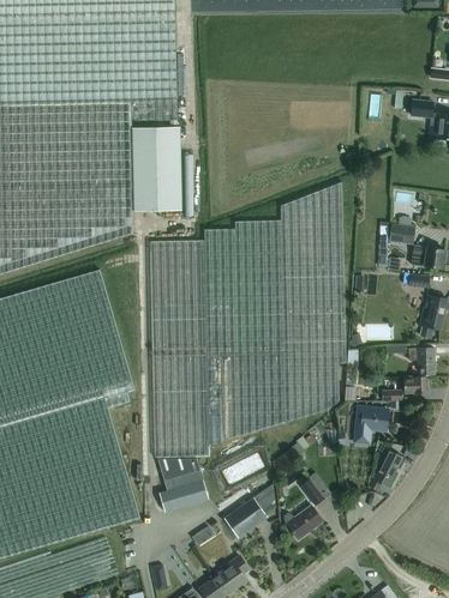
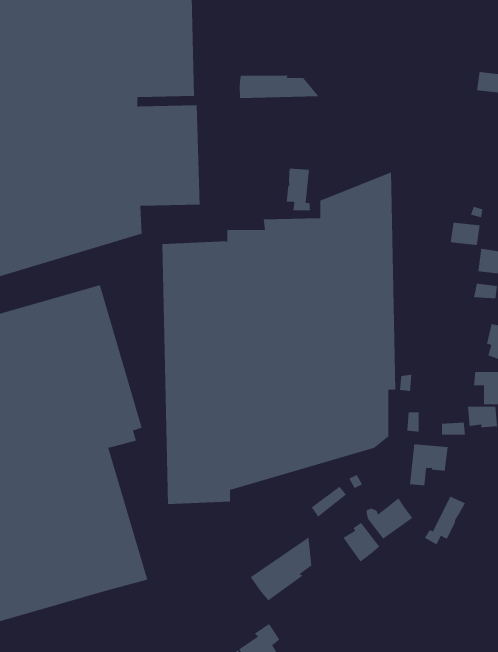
building: none -> [239,75,320,99]
building: none -> [286,168,310,211]
building: [157,458,206,511] -> none
building: [282,503,322,538] -> [365,498,413,540]

